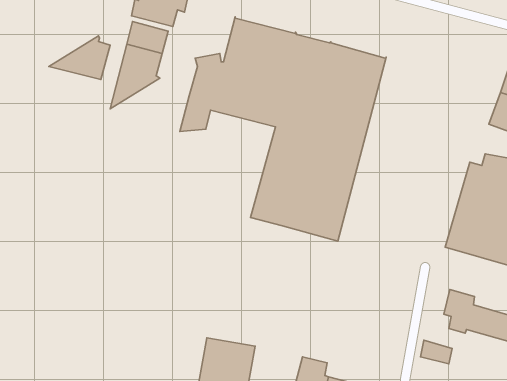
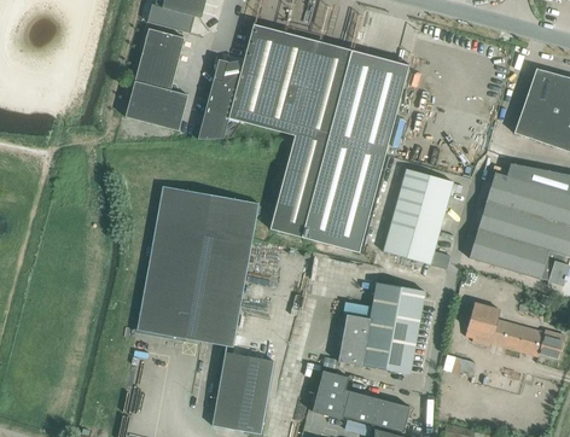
building: [49,36,110,79] -> [126,85,188,129]
building: none -> [383,167,453,268]
building: none -> [136,185,258,345]
building: none -> [338,281,425,373]

